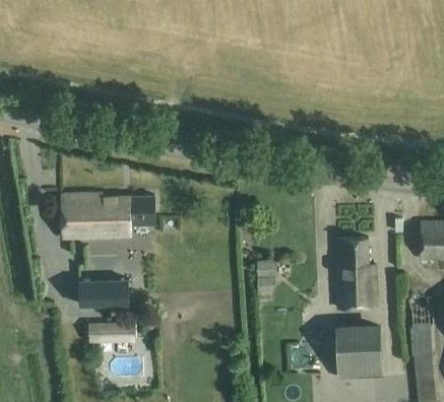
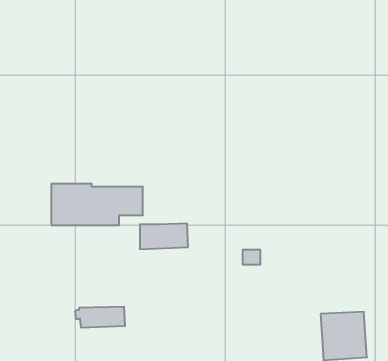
building: [336,239,374,309] -> none
building: [78,281,128,308] -> [140,223,188,249]

